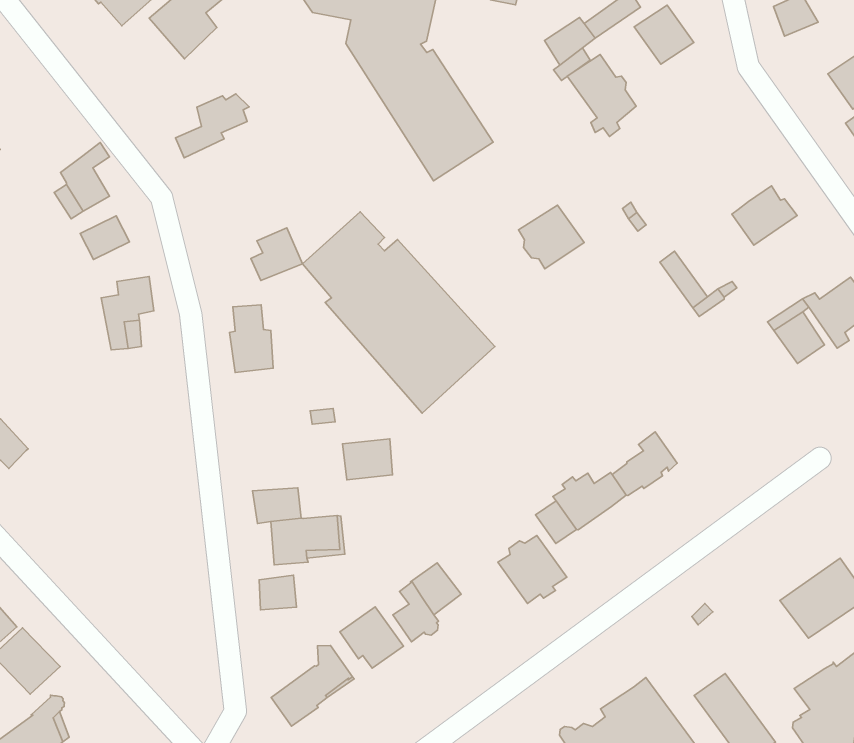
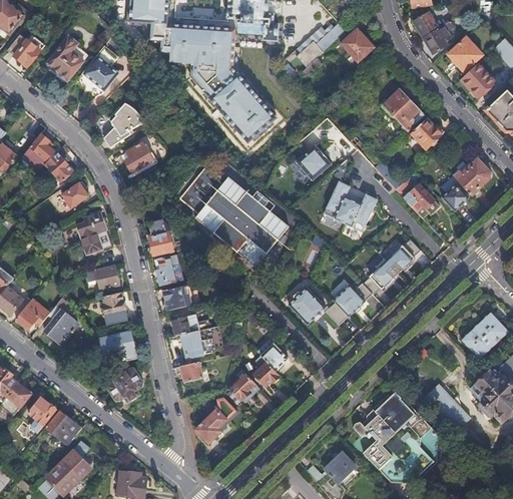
building: none -> [423,19,454,53]
building: [567,55,636,136] -> [384,89,423,132]
building: none -> [19,132,55,171]
building: [251,228,302,281] -> [125,140,153,170]
building: none -> [326,183,380,233]
building: none -> [403,184,439,218]
building: none -> [96,264,119,288]
building: none -> [155,257,176,284]
building: none -> [383,238,420,273]
building: none -> [43,291,78,343]
building: none -> [102,291,127,323]
building: [342,439,392,480] -> [162,285,191,310]
building: none -> [102,330,135,361]
building: [498,536,567,604] -> [288,287,326,324]
building: none -> [106,367,142,401]

